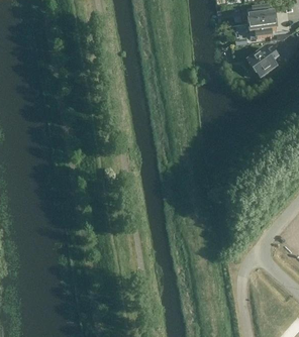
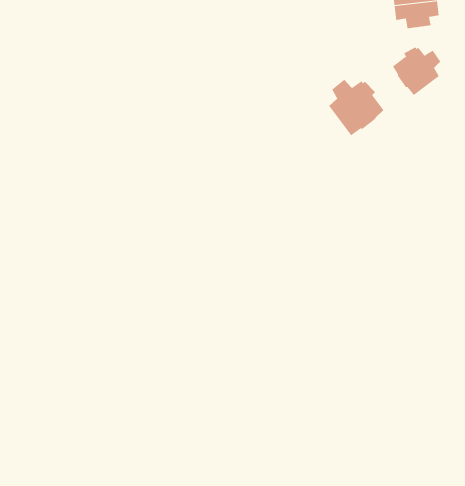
building: none -> [328,79,384,136]

